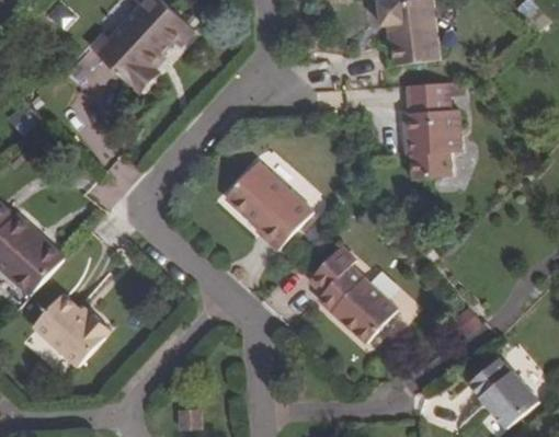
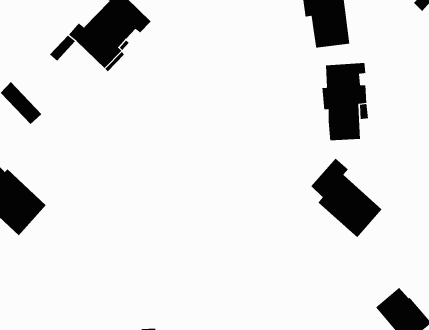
building: [225,161,311,250] -> none
building: [308,244,397,343] -> [310,158,383,238]
building: [32,292,111,366] -> none

